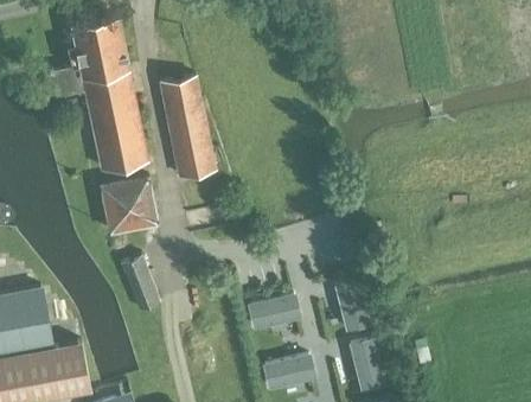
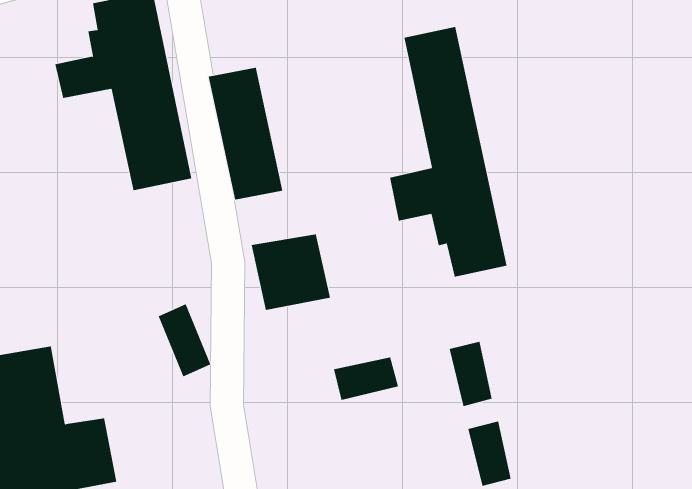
building: none -> [390,26,507,278]
building: [97,176,158,234] -> [251,234,331,310]
building: [268,355,318,389] -> none

